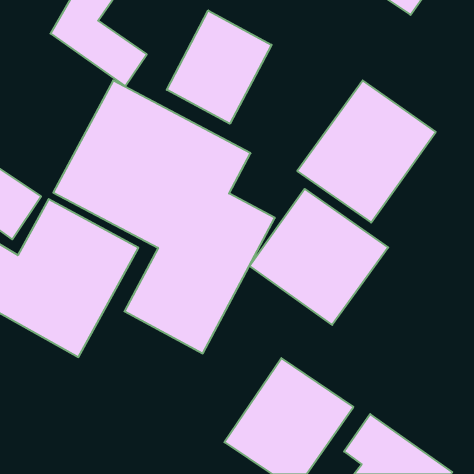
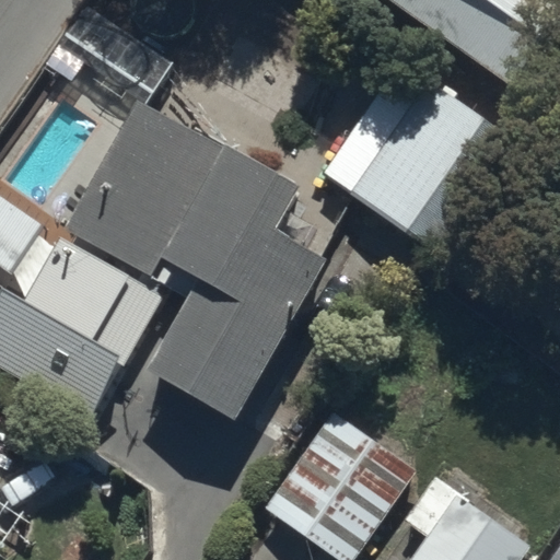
building: [167,10,272,124] -> none
building: [249,189,388,325] -> none

